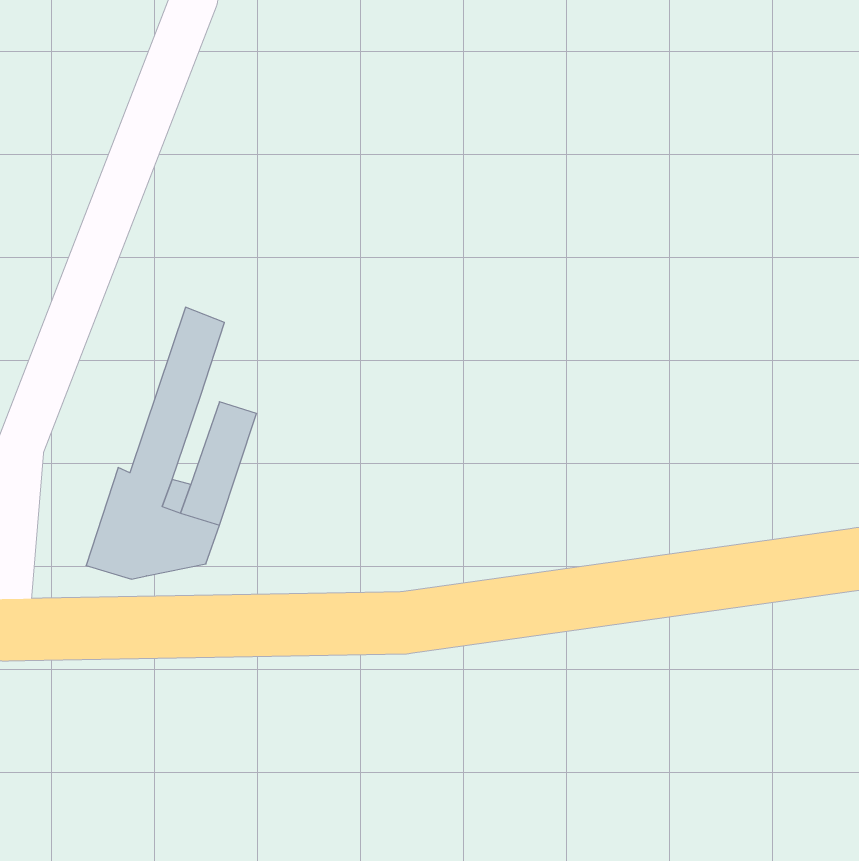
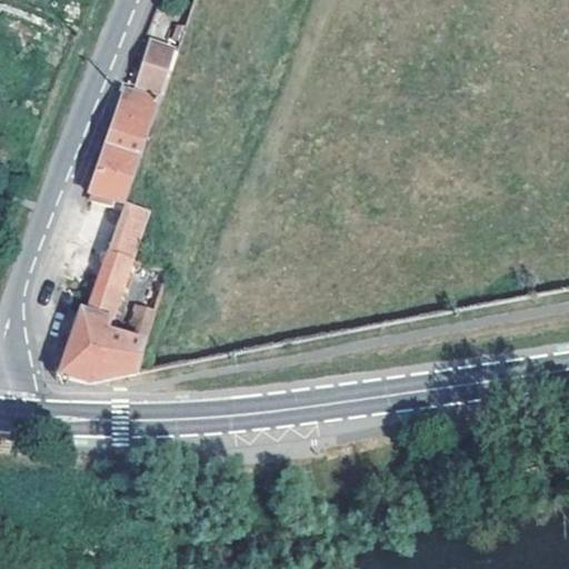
building: none -> [134,42,173,92]
building: none -> [88,89,157,204]

